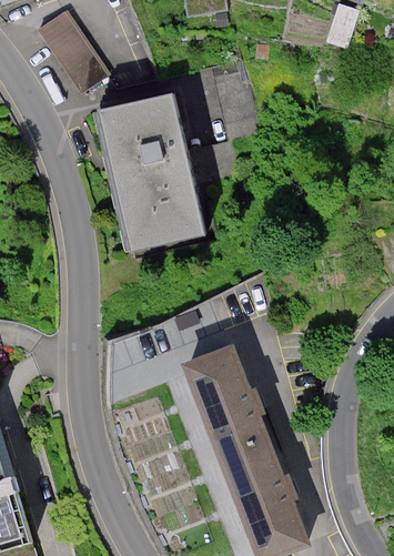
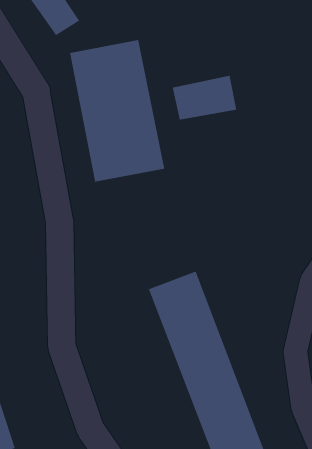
building: none -> [172,75,237,120]

